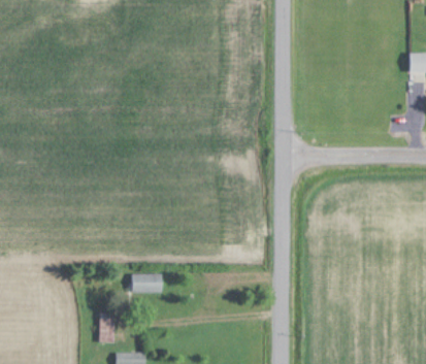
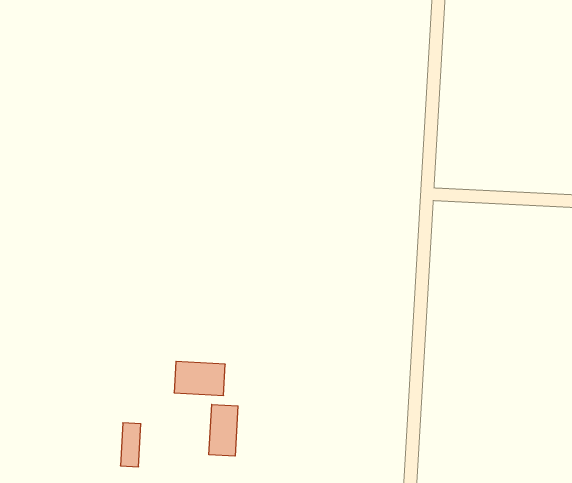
building: none -> [209,404,238,456]

